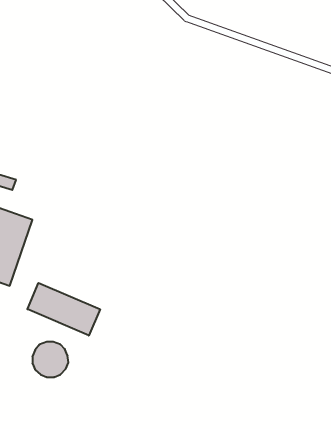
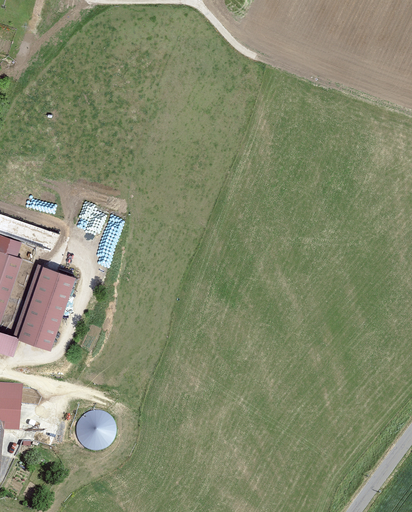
building: [27,283,100,336] -> none

